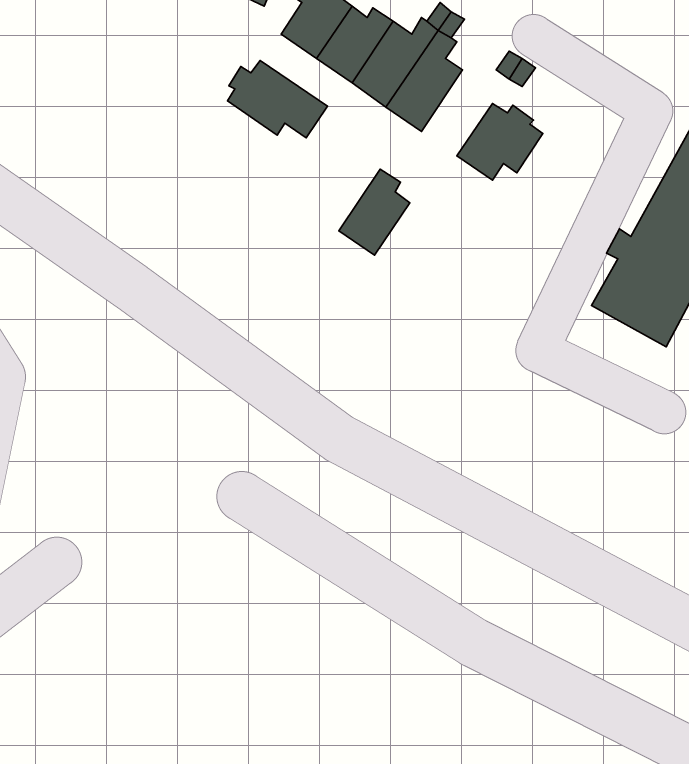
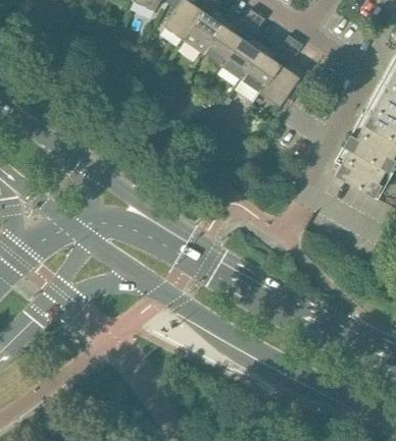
building: [227,60,327,138] -> none
building: [339,169,410,255] -> [241,46,280,93]

